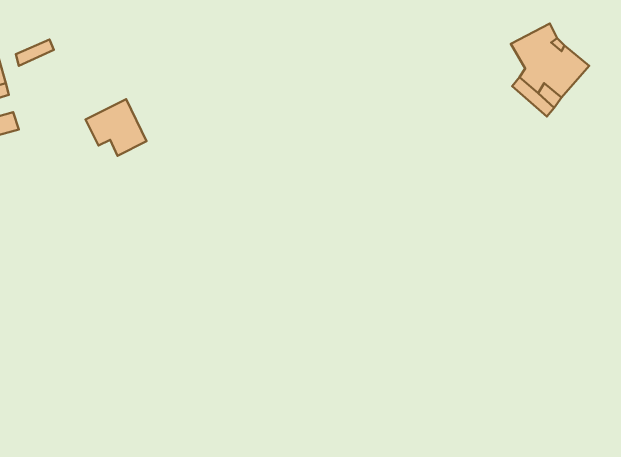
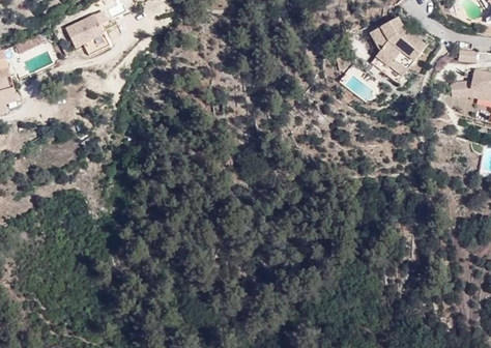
building: [85,99,146,156] -> [63,9,107,50]

